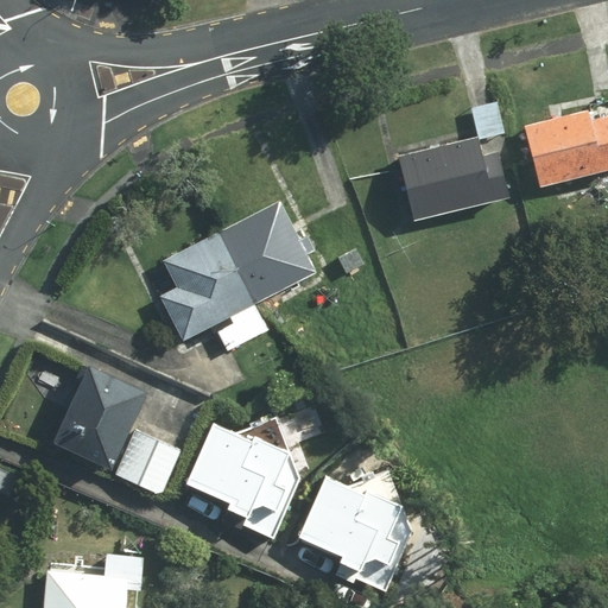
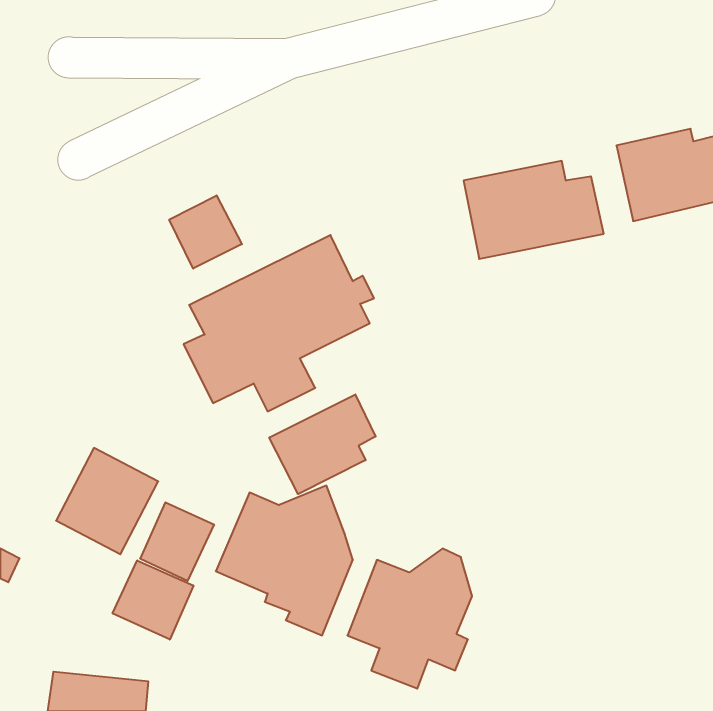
building: none -> [169,195,242,269]
building: none -> [269,394,376,494]
building: none -> [113,560,193,640]

